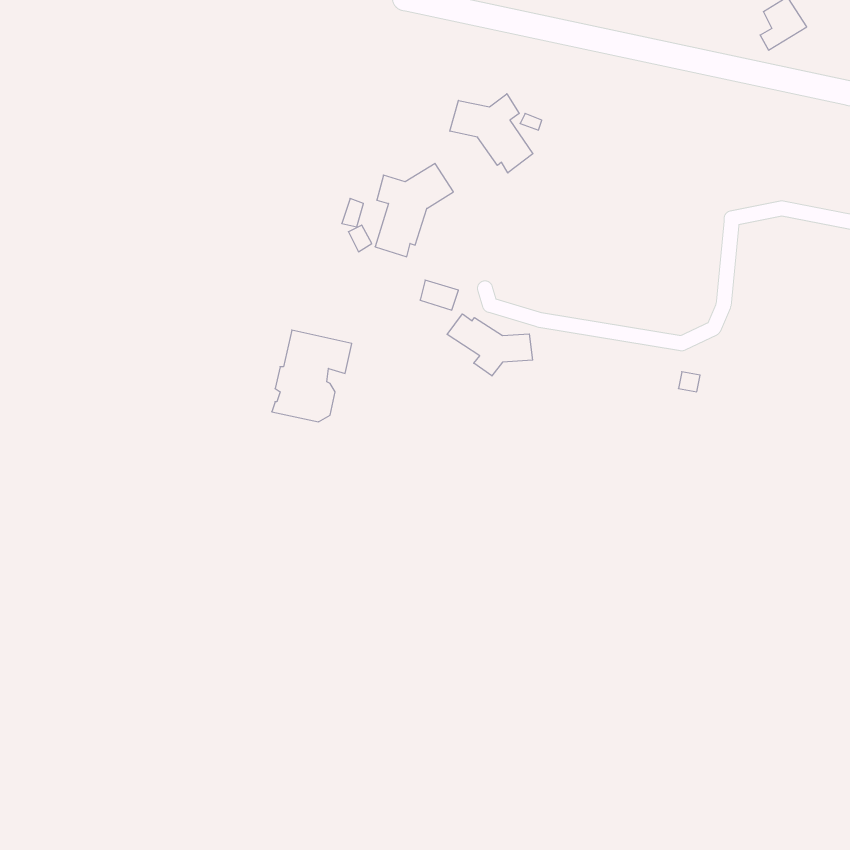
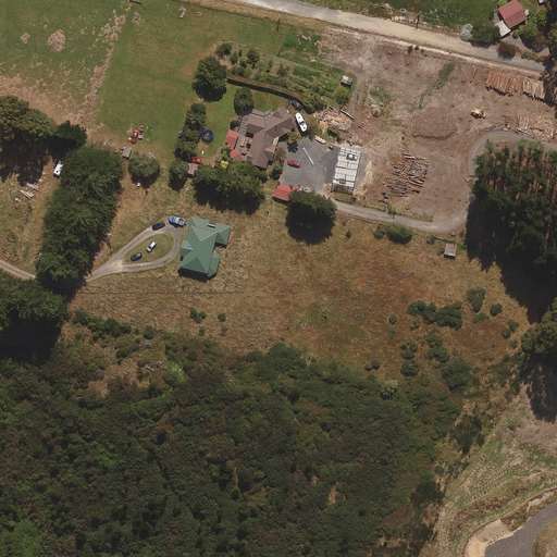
building: [450,94,533,173] -> none
building: [447,314,533,376] -> none

